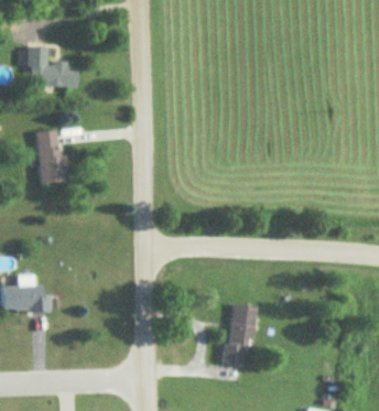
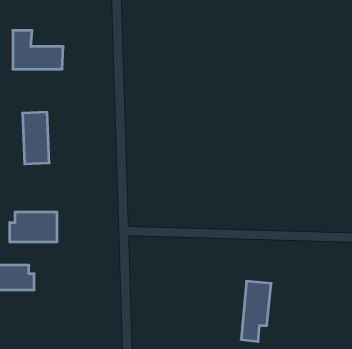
building: none -> [10,212,57,242]
building: [225,303,256,365] -> [241,281,271,342]

